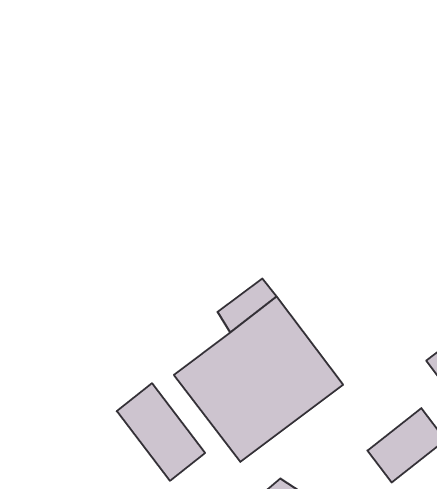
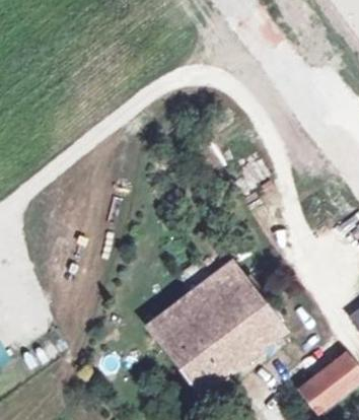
building: [117,383,205,481] -> none

